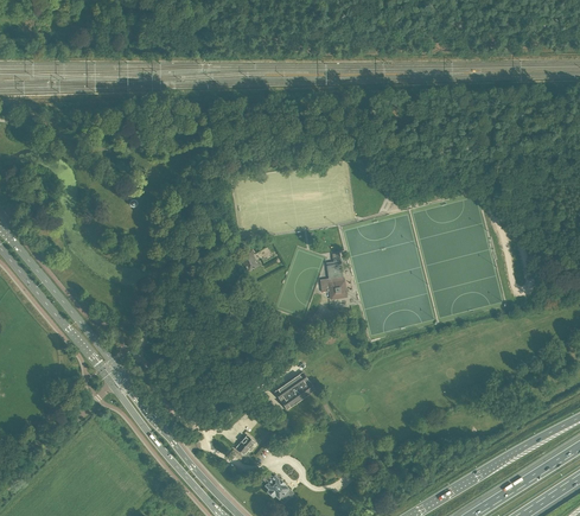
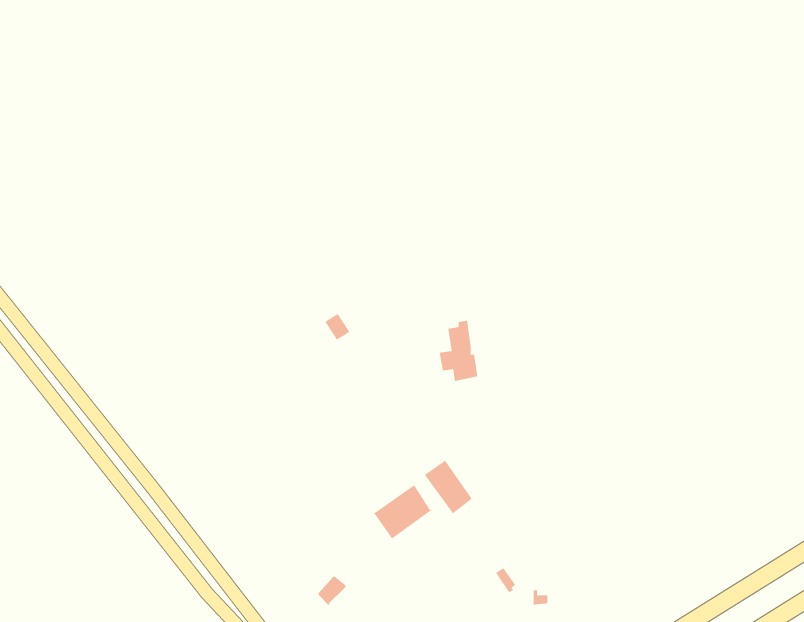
building: none -> [423,459,473,515]

